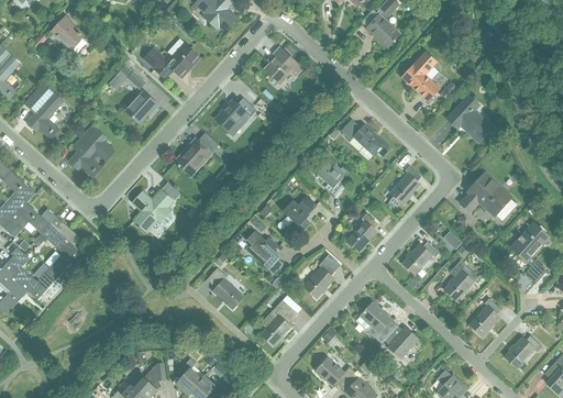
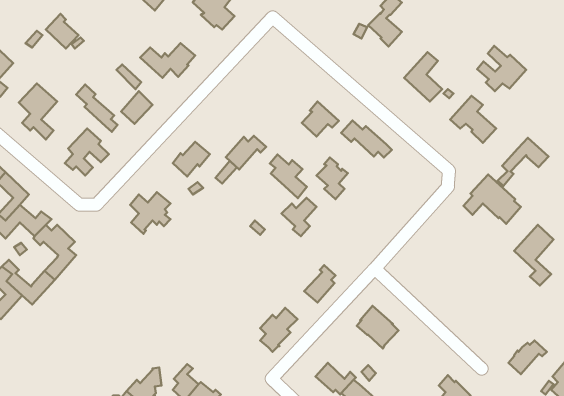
building: none -> [477,46,526,91]
building: [264,47,300,81] -> [302,102,339,136]
building: none -> [76,84,117,132]
building: [214,98,254,131] -> [226,136,266,169]
building: none -> [497,138,548,186]
building: [388,165,421,207] -> none
building: [346,213,377,251] -> none
building: [245,231,282,274] -> [270,154,307,198]
building: [401,241,438,273] -> none
building: [442,259,477,300] -> none
building: [206,267,243,308] -> none
building: [468,297,500,334] -> none
building: [383,324,417,356] -> none

